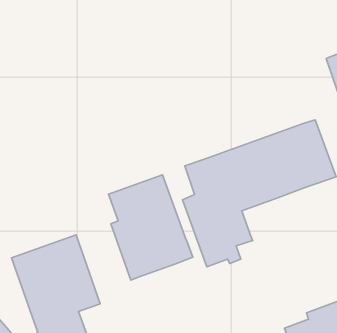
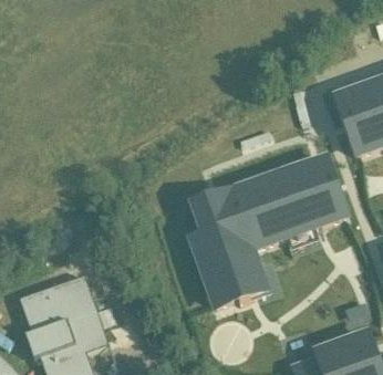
building: [109,175,193,280] -> none

